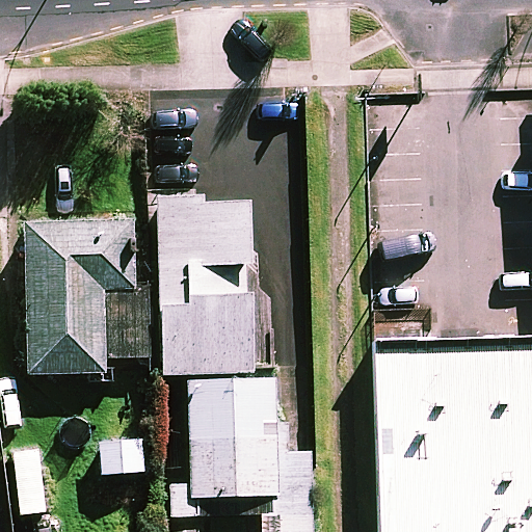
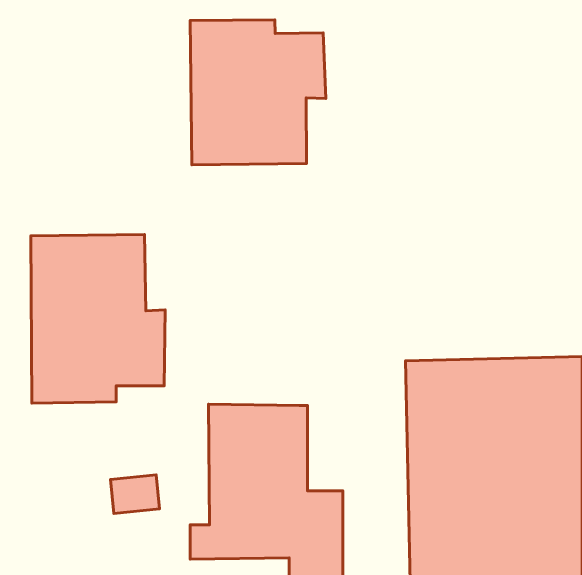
building: none -> [190,20,326,165]
building: [152,197,273,376] -> none

